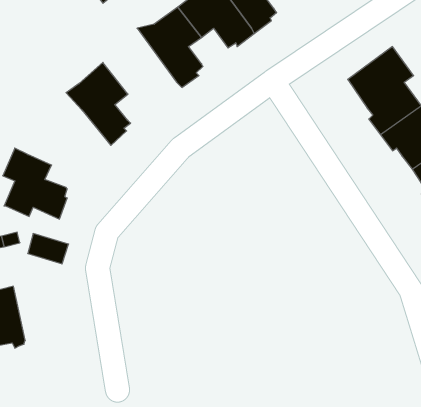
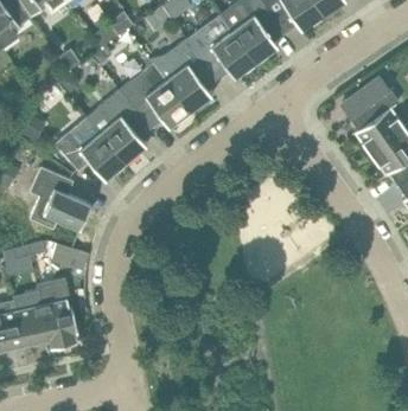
building: none -> [119,59,190,127]
building: none -> [55,127,126,179]
building: none -> [37,280,77,343]

